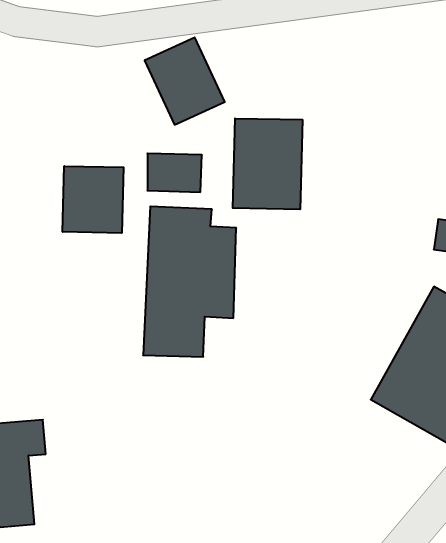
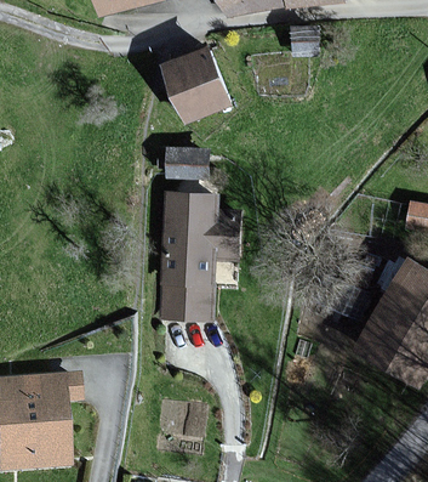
building: [233,118,302,209] -> none
building: [63,166,124,233] -> none

